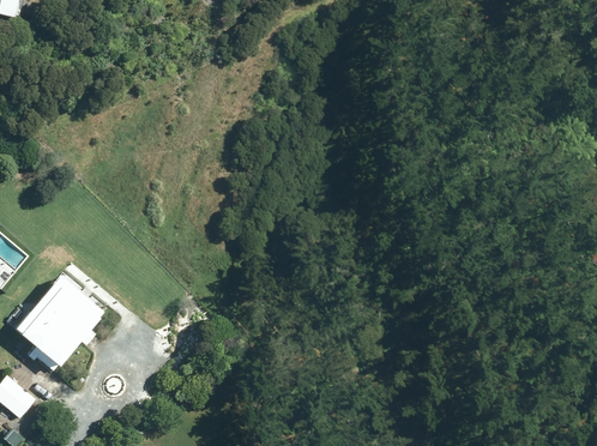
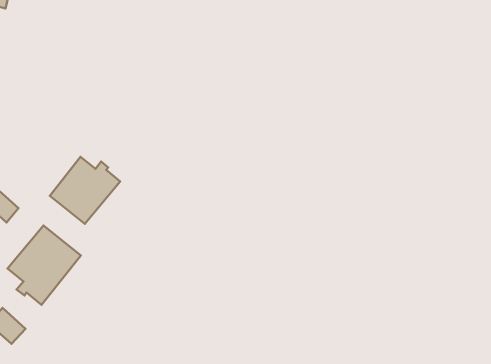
building: none -> [50,157,120,224]

